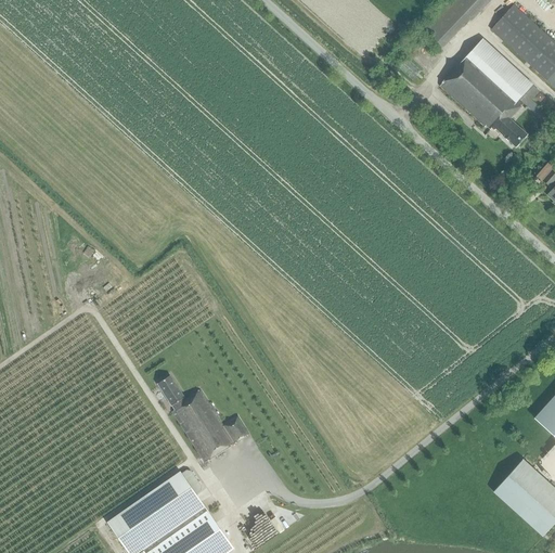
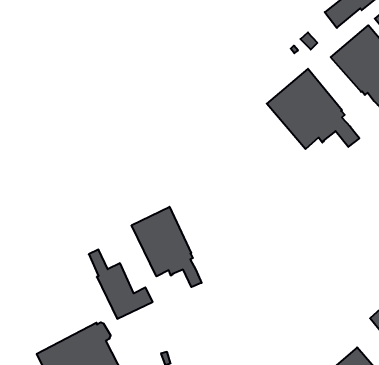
building: none -> [267,69,359,149]
building: none -> [132,207,202,287]

